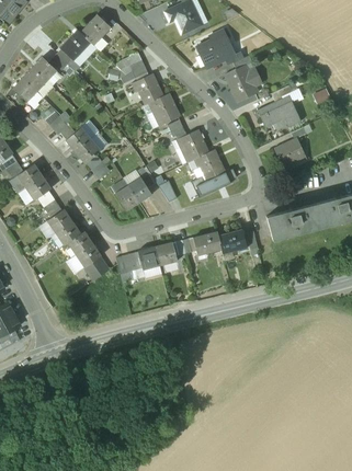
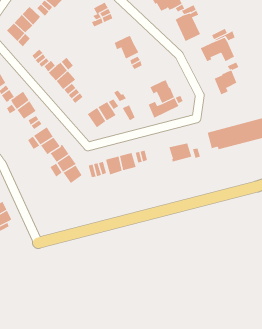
building: [130,73,163,104] -> none
building: [177,129,208,161] -> none
building: [192,231,222,256] -> none

